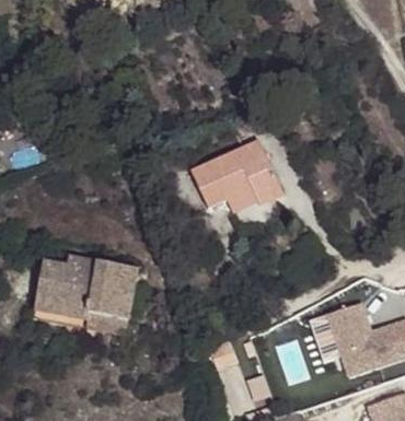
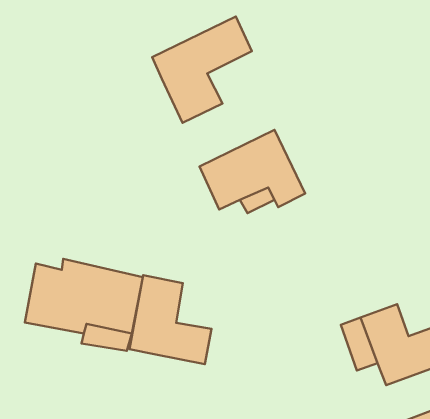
building: none -> [152,17,252,123]
building: none -> [130,275,211,364]

